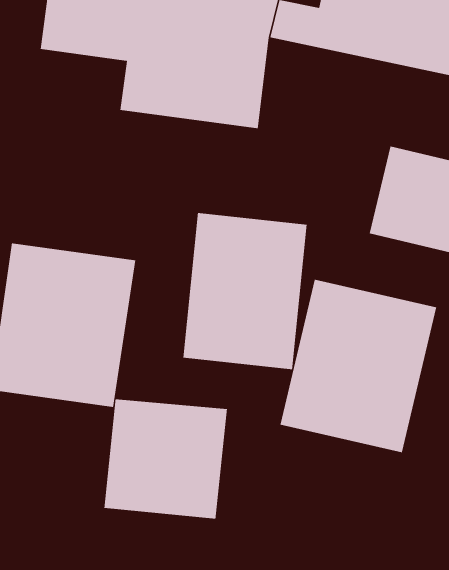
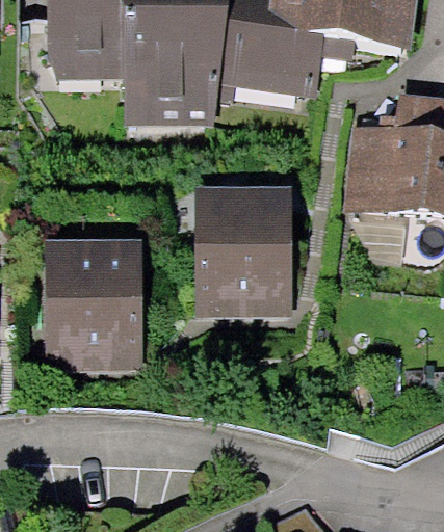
building: [280,279,437,453] -> none
building: [104,398,227,520] -> none

